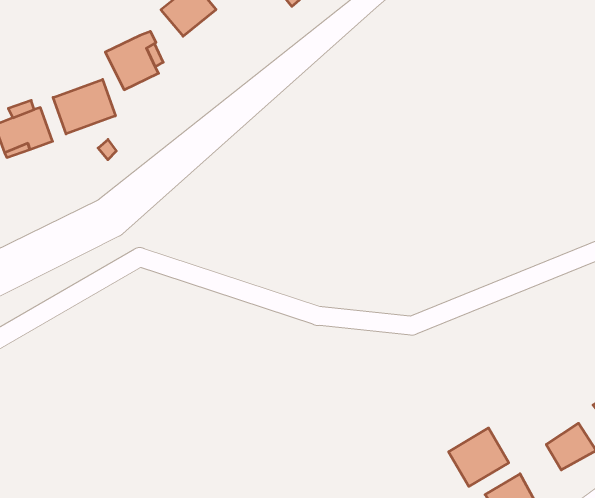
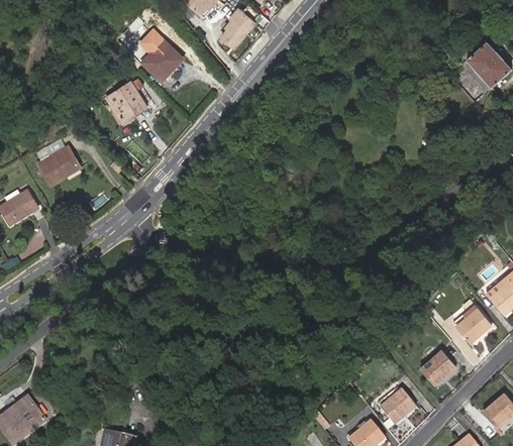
building: [53,79,115,134] -> none
building: [449,428,509,486] -> none

